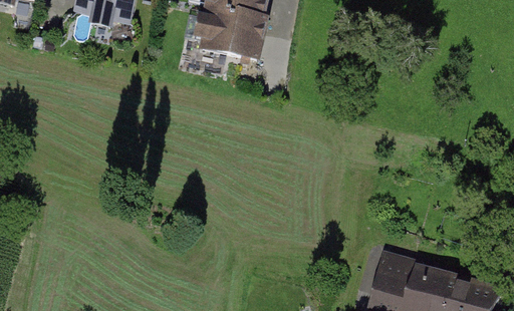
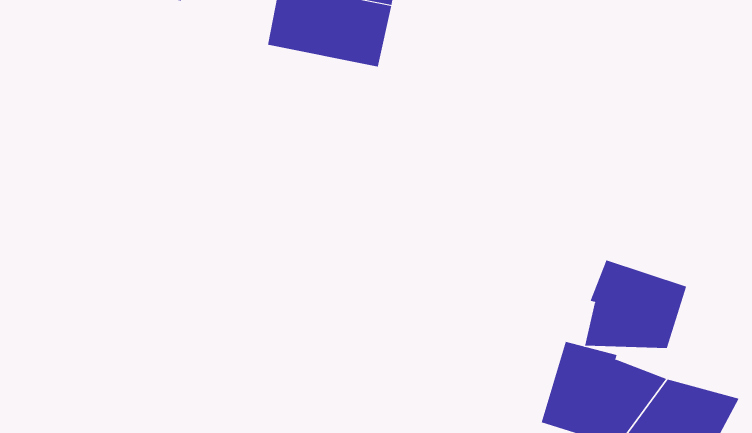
building: none -> [584,260,687,349]

